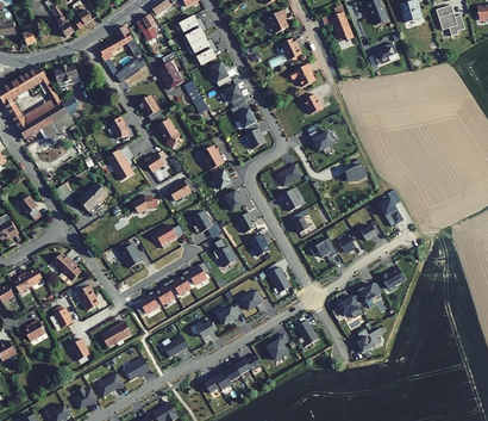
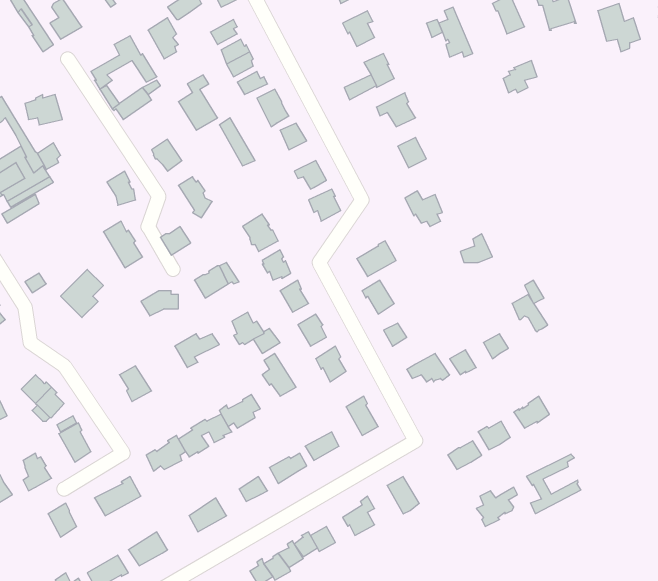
building: none -> [527,454,581,514]

